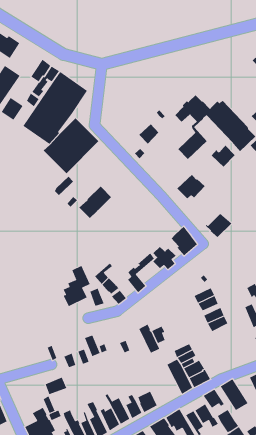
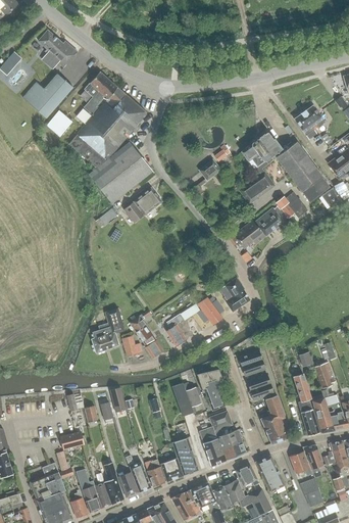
building: none -> [293,105,325,139]
building: [79,186,112,219] -> [122,188,161,224]
building: [205,213,232,238] -> [253,208,284,236]
building: none -> [196,370,225,411]
building: none -> [259,395,287,444]
building: none -> [171,438,197,476]

